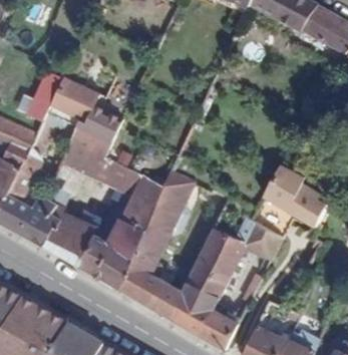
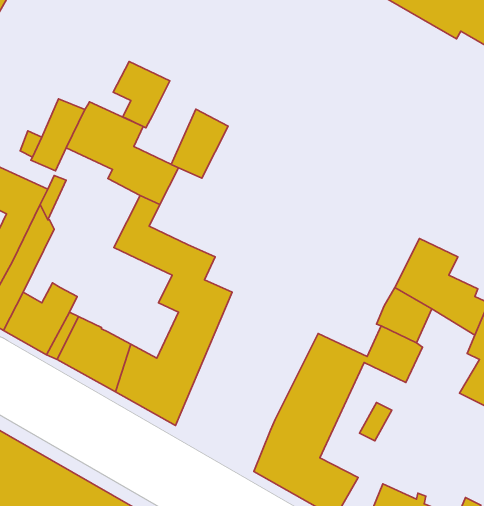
building: none -> [113,62,170,128]
building: [59,125,96,170] -> [171,109,228,178]
building: [119,170,228,317] -> none

